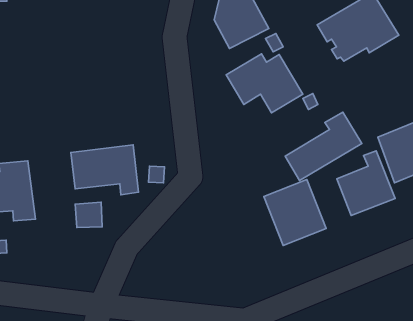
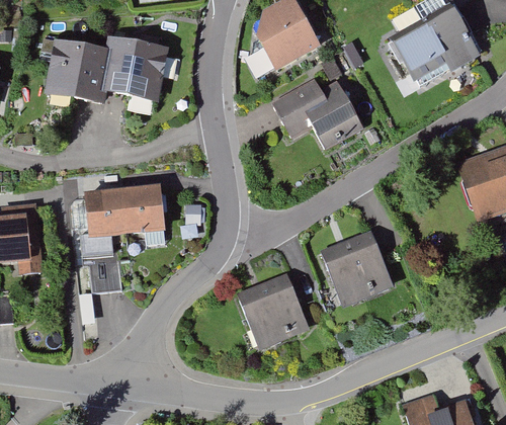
building: none -> [36,37,179,122]
building: [285,112,362,180] -> none
building: [337,151,395,215] -> none
building: none -> [235,269,307,346]

